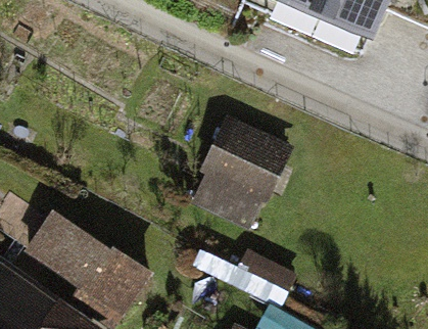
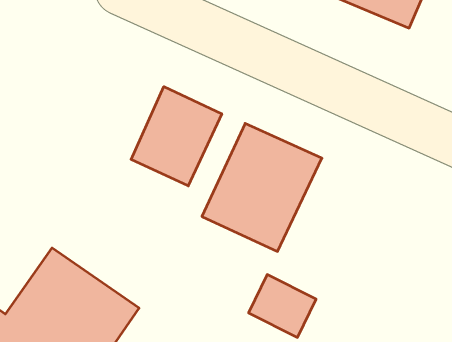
building: none -> [131,87,222,186]

